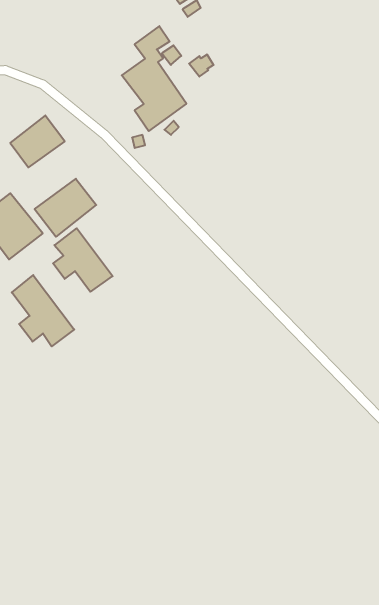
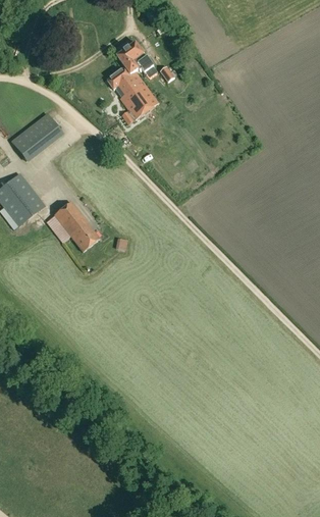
building: [35,179,96,237] -> none
building: [12,275,74,346] -> none

